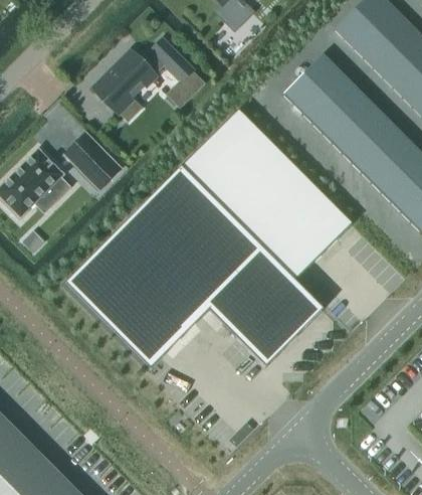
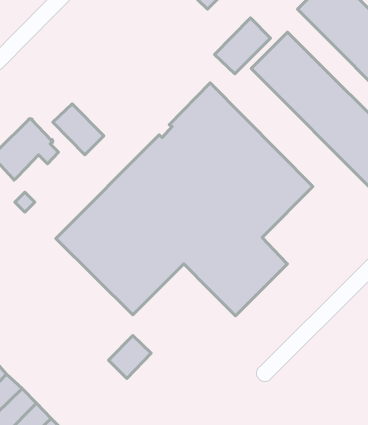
building: [95,37,199,112] -> none
building: none -> [215,18,271,74]
building: none -> [108,336,151,378]

